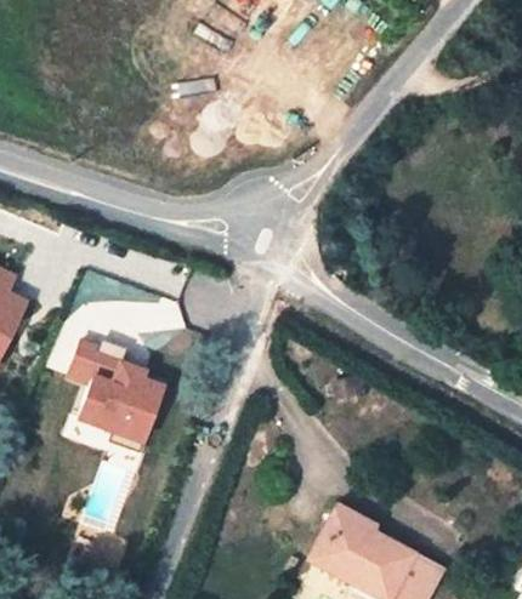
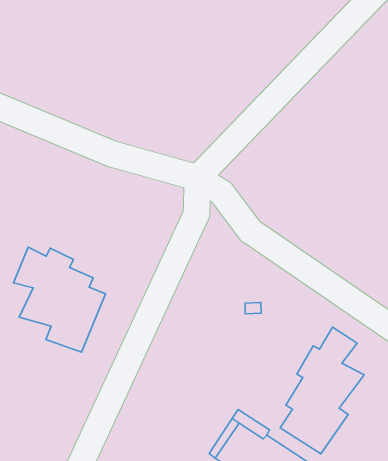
building: none -> [280,327,364,454]

